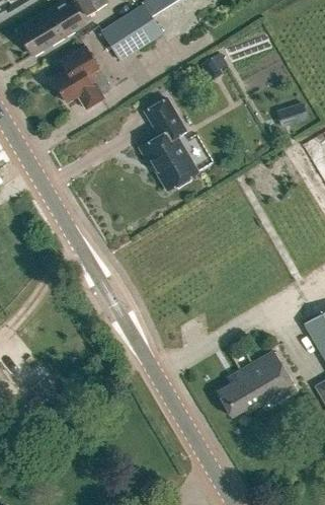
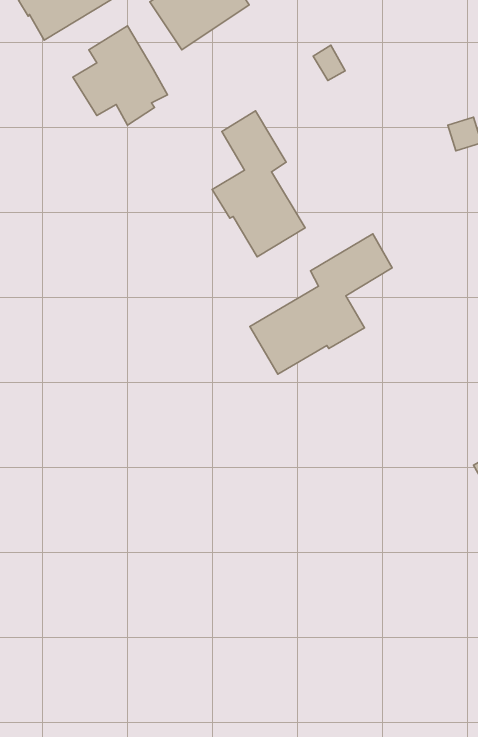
building: none -> [250,234,392,374]
building: [218,352,298,417] -> none

